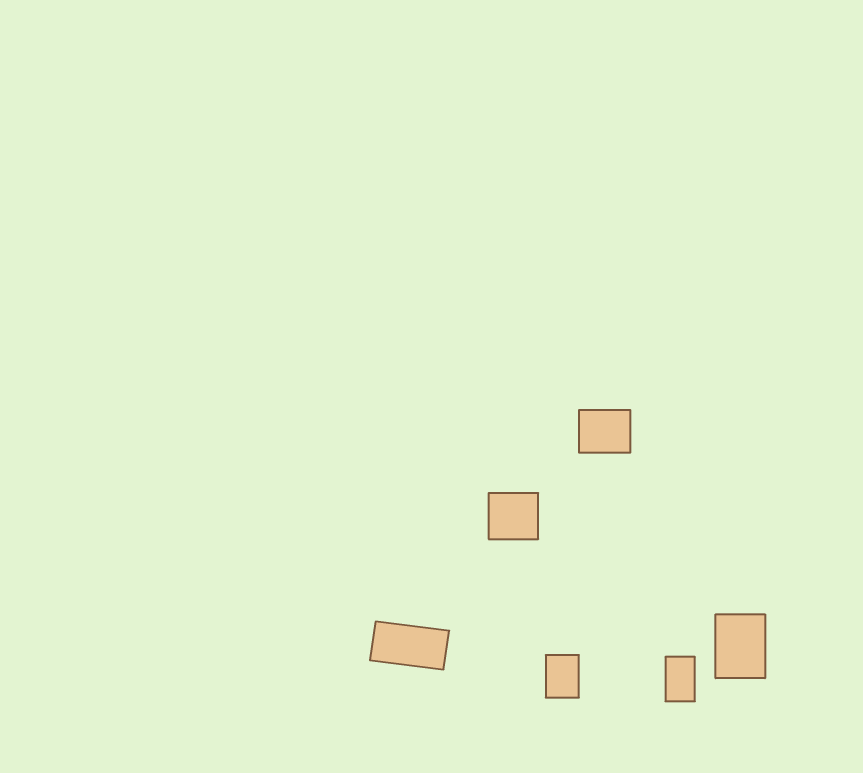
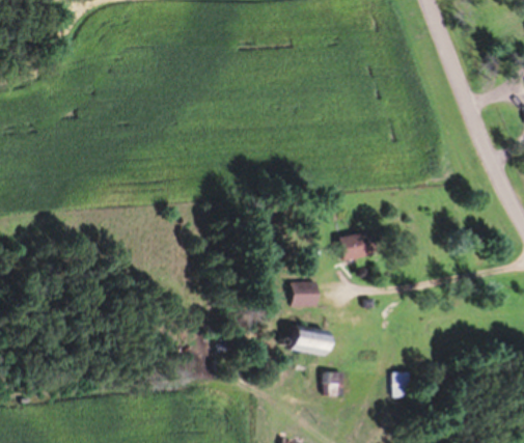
building: [716,614,765,678] -> none
building: [370,622,449,669] -> [292,328,336,355]

